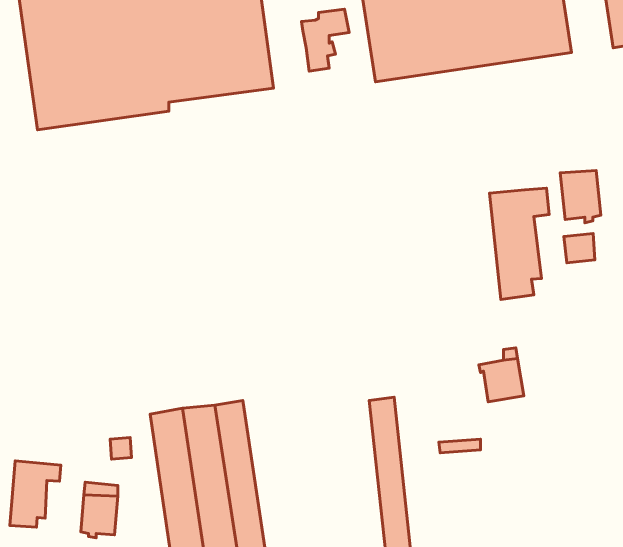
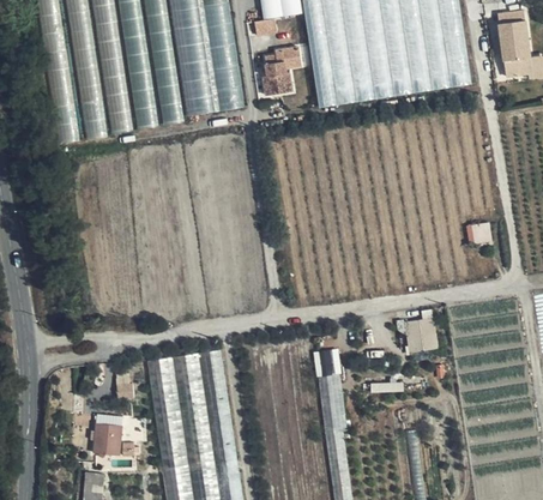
building: [560,171,601,223] -> none
building: [489,188,549,300] -> none
building: [10,461,61,527] -> none

